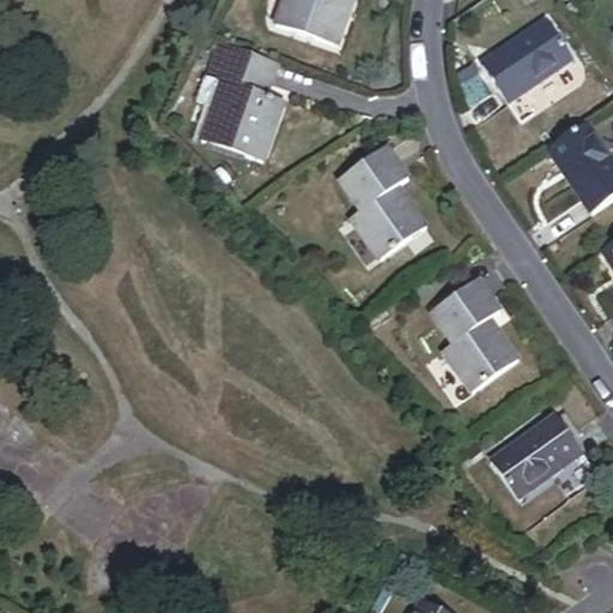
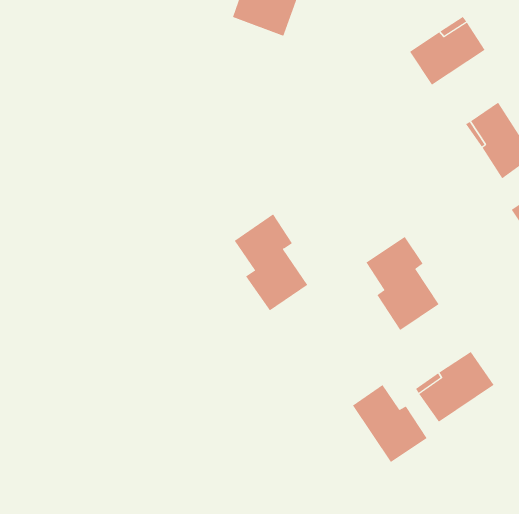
building: [201,41,283,158] -> none
building: [339,142,426,257] -> [234,213,308,311]
building: none -> [352,384,428,463]

